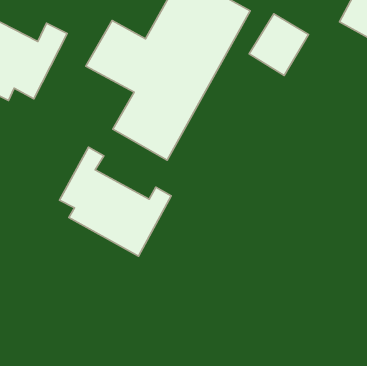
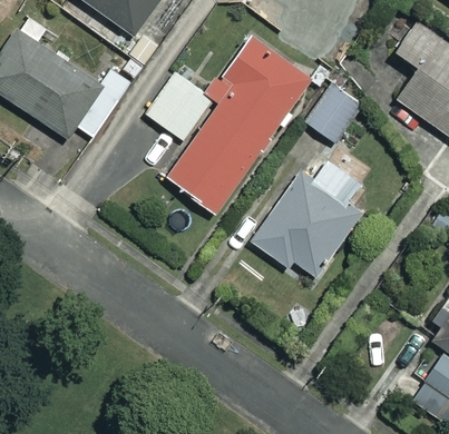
building: none -> [251,149,365,276]
building: [59,147,171,256] -> none

